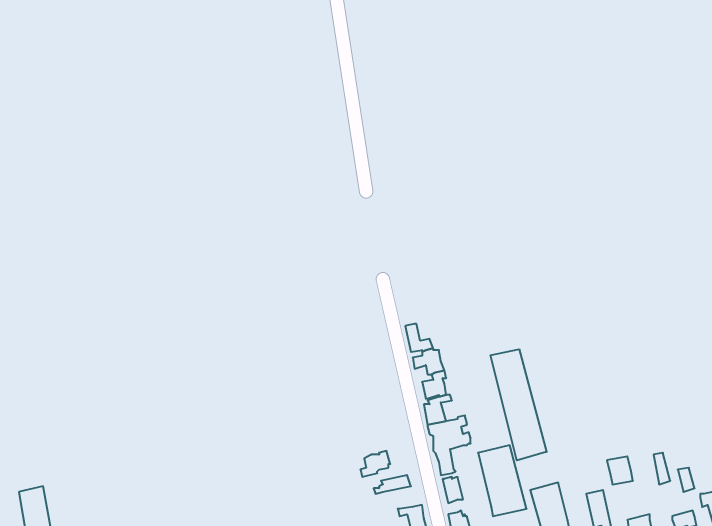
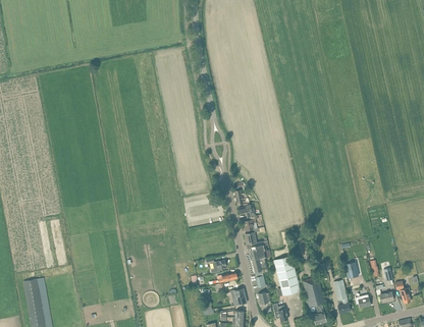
building: [490,349,547,460] -> none

